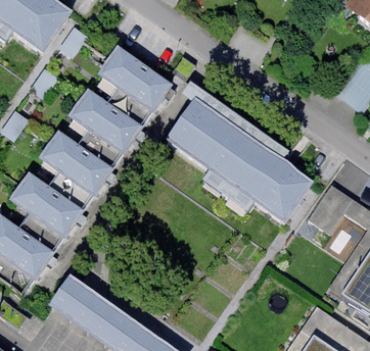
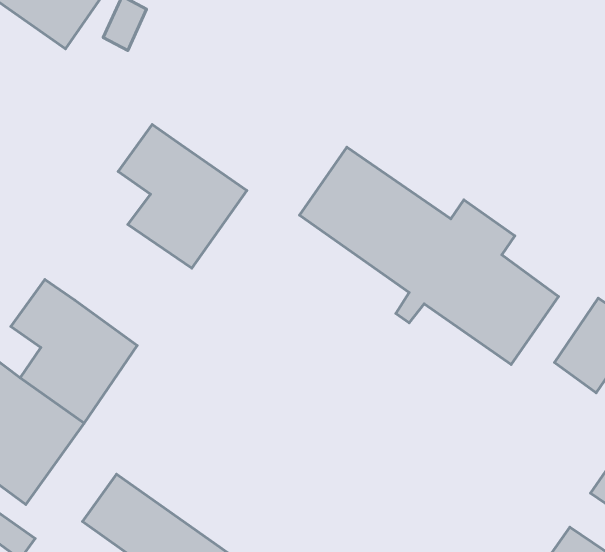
building: [101,48,171,126] -> none
building: [43,132,111,209] -> none

